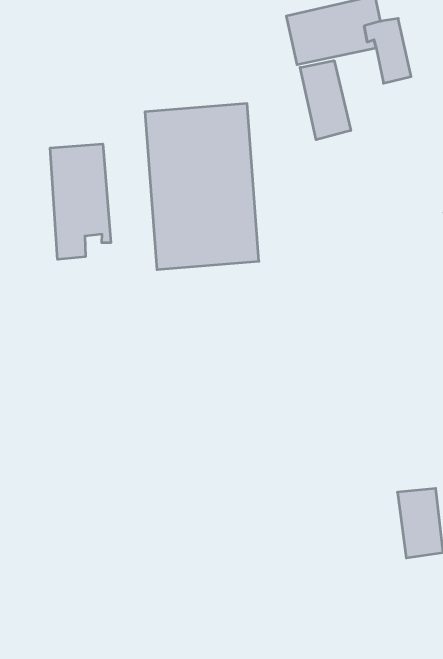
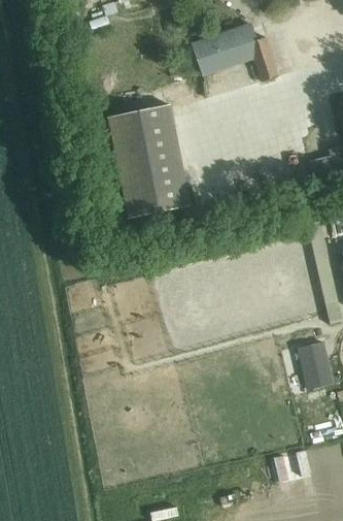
building: [300,61,351,140] -> none
building: [50,144,111,259] -> none

